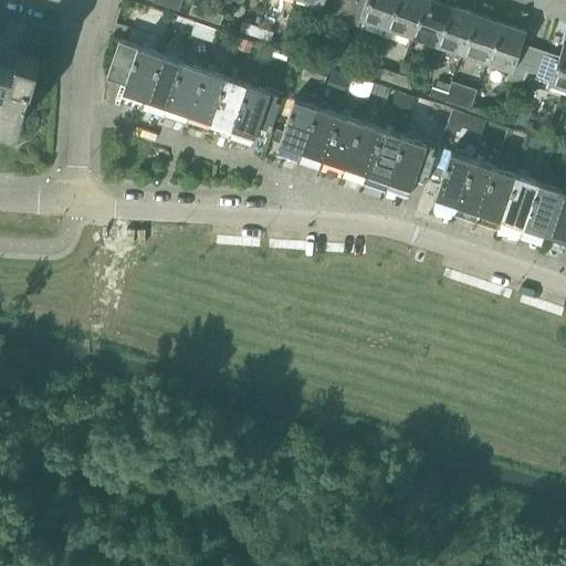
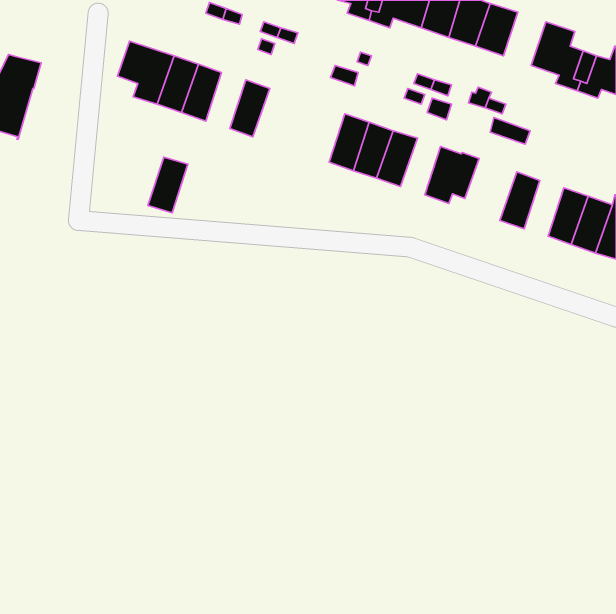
building: [460,15,499,64] -> none
building: [188,71,224,122] -> [148,157,188,213]
building: [231,85,281,137] -> none
building: [277,101,315,153] -> none
building: [366,130,402,182] -> none
building: [434,154,472,206] -> none
building: [479,169,515,220] -> none

